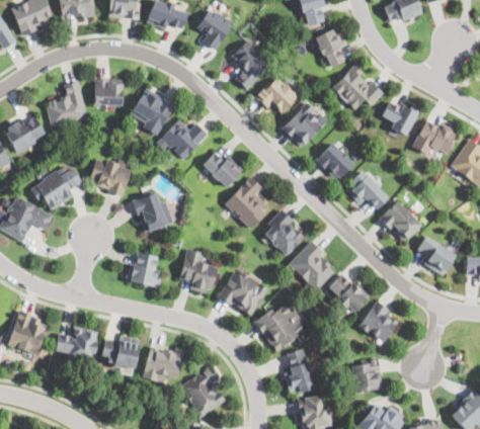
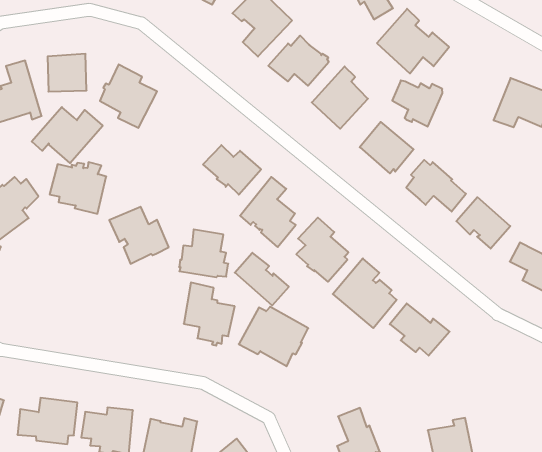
building: [382,102,418,137] -> [392,80,442,127]
building: [156,120,208,161] -> [32,107,103,163]
building: none -> [235,253,289,305]
building: [127,251,162,286] -> [179,229,228,277]
building: [358,302,398,343] -> none
building: [254,304,306,351] -> none

